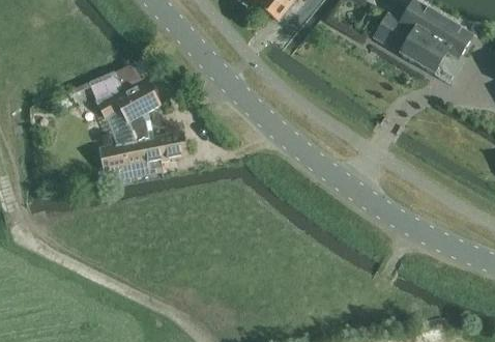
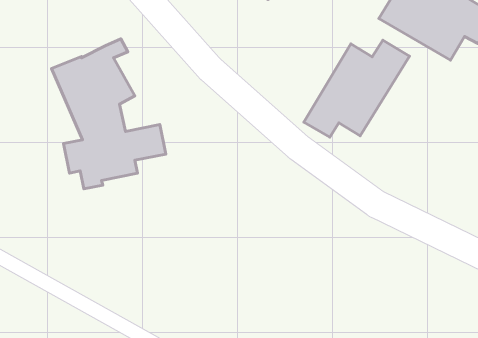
building: none -> [304,40,409,137]

